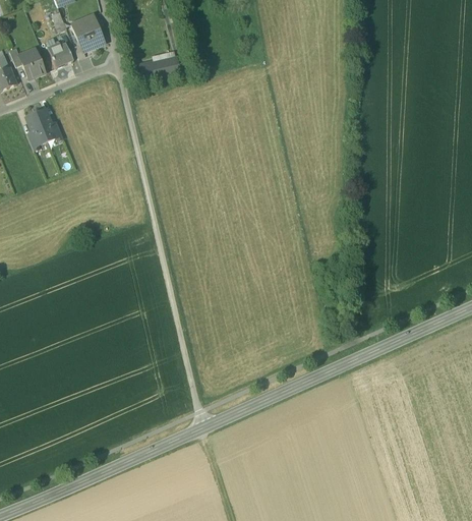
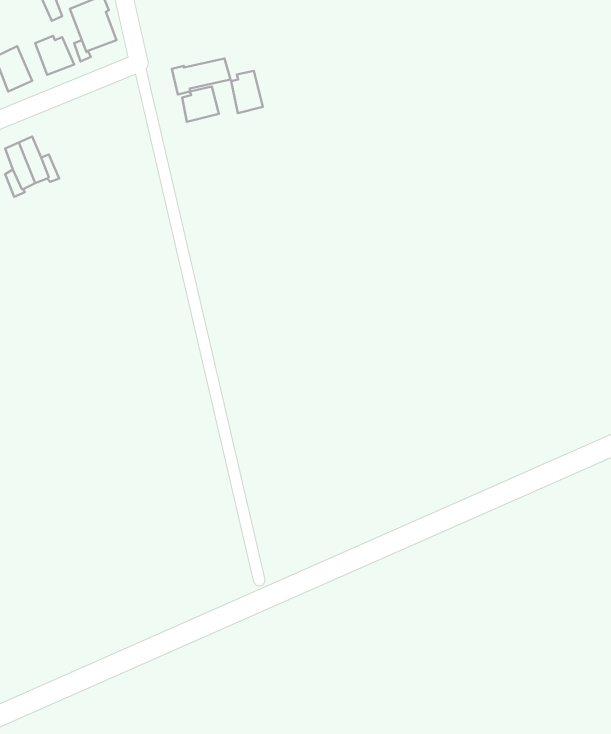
building: none -> [231,71,263,113]
building: none -> [182,86,219,122]

